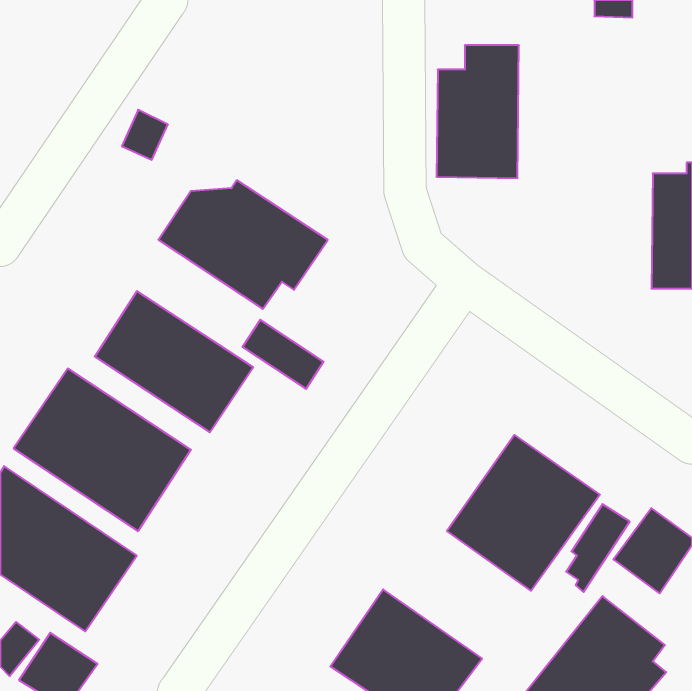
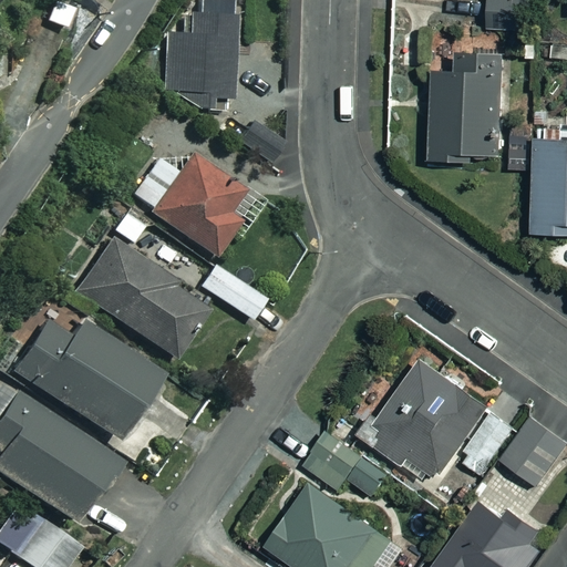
building: none -> [162,10,234,95]
building: [436,45,519,178] -> [431,56,498,165]
building: none -> [307,430,391,495]

